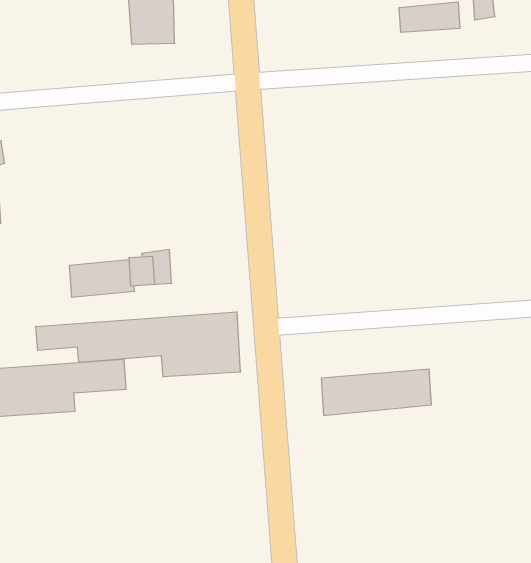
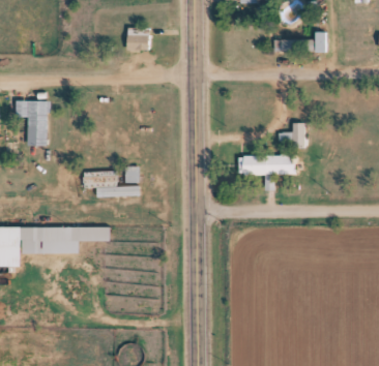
building: none -> [280,121,307,149]
building: [36,312,240,377] -> none
building: [321,369,432,416] -> [238,155,298,177]

